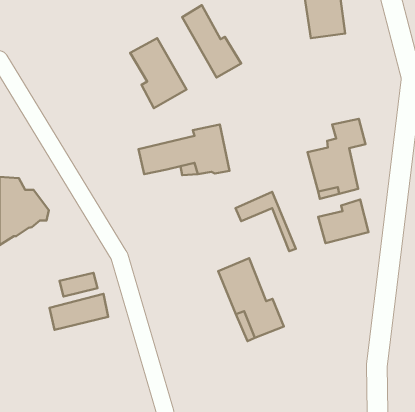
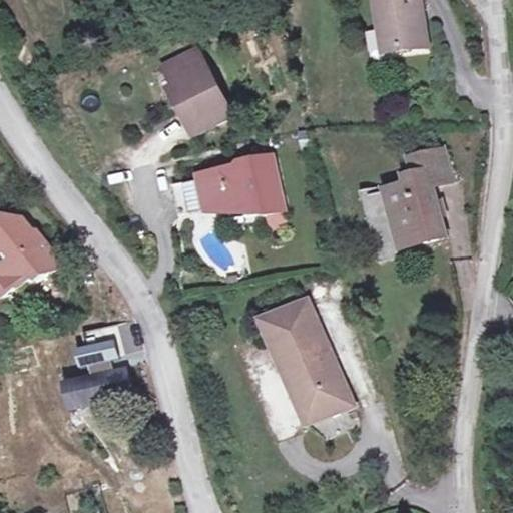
building: [182,5,241,77] -> none
building: [236,192,296,251] -> [262,298,336,371]
building: [318,199,369,243] -> none

